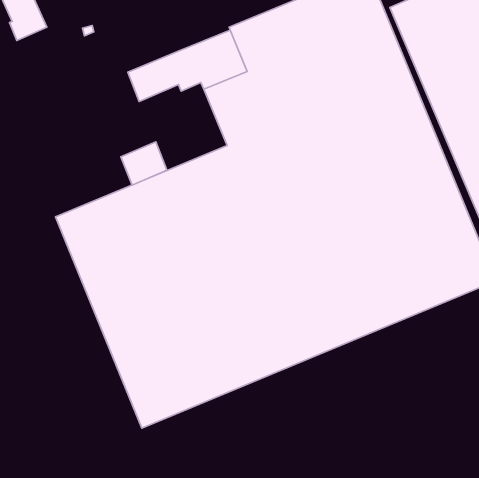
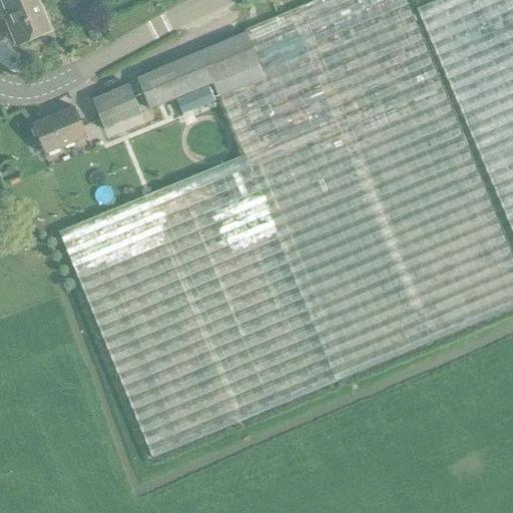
building: none -> [33,106,88,153]
building: [121,142,167,185] -> [92,82,141,128]

